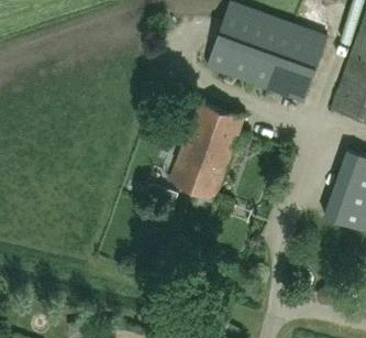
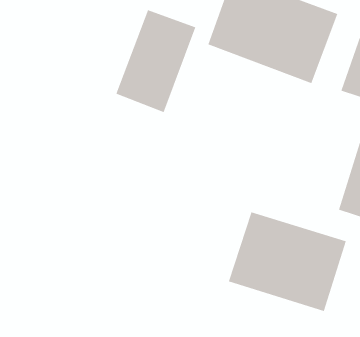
building: [168,101,243,197] -> [115,9,196,113]
building: none -> [228,211,346,312]

